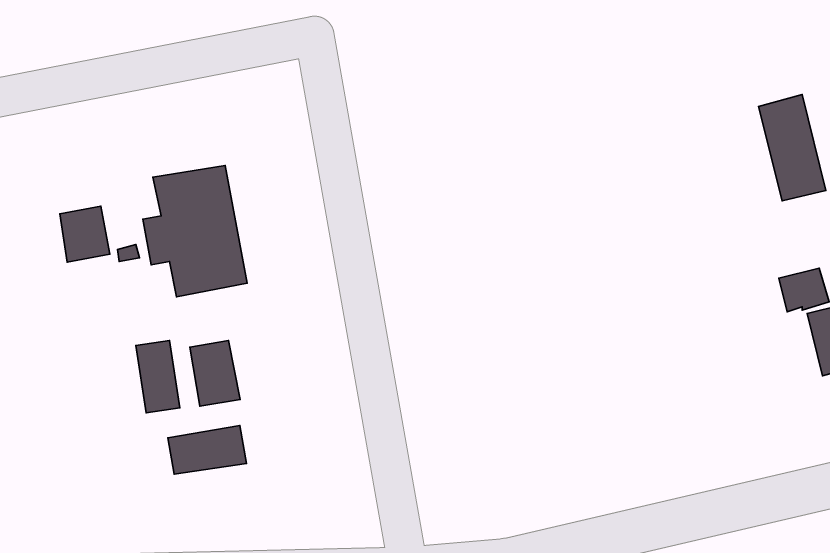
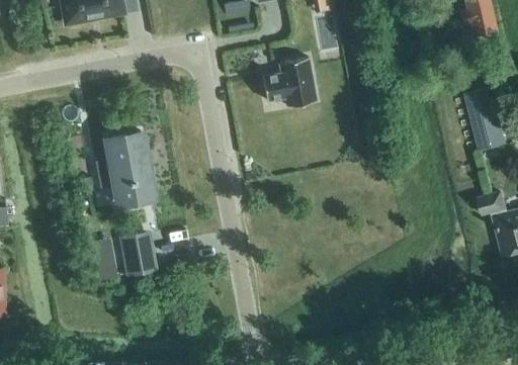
building: none -> [262,58,317,107]
building: [60,206,110,262] -> none
building: [168,426,246,474] -> none

